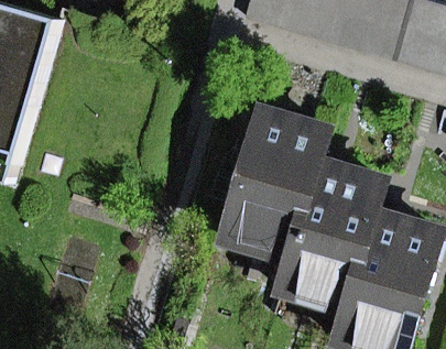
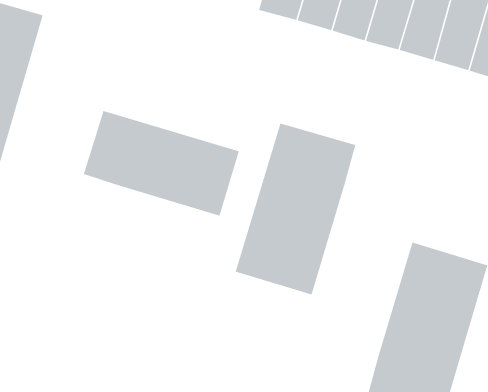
building: none -> [83,110,239,217]
building: [280,161,383,307] -> none

